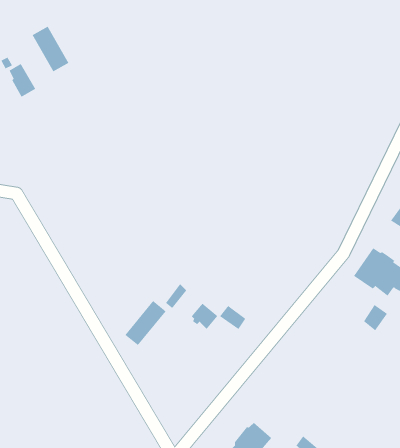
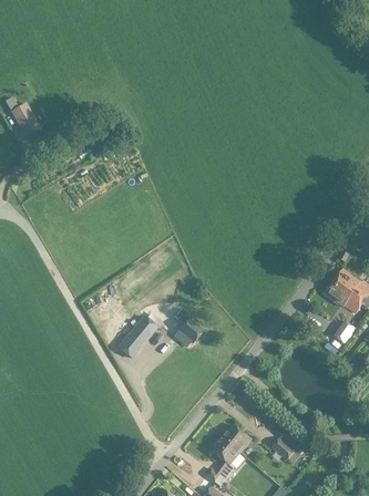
building: [32,26,69,72] -> none

